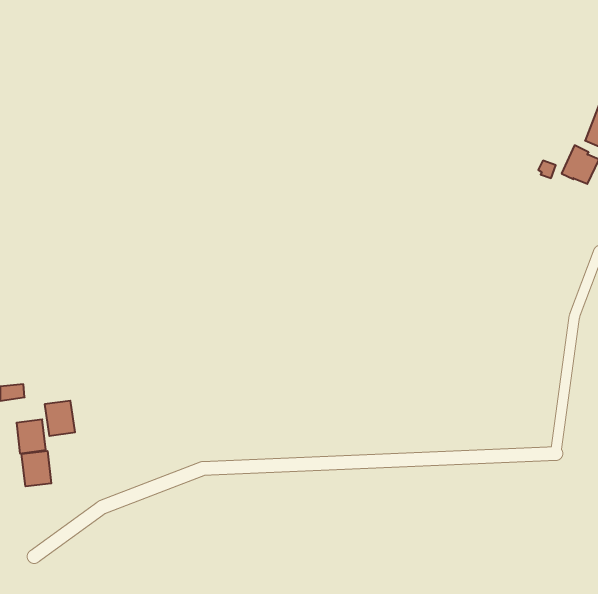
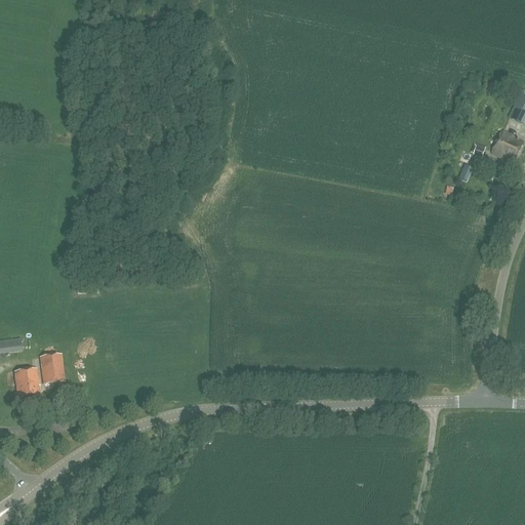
building: [22,451,51,486] -> none

